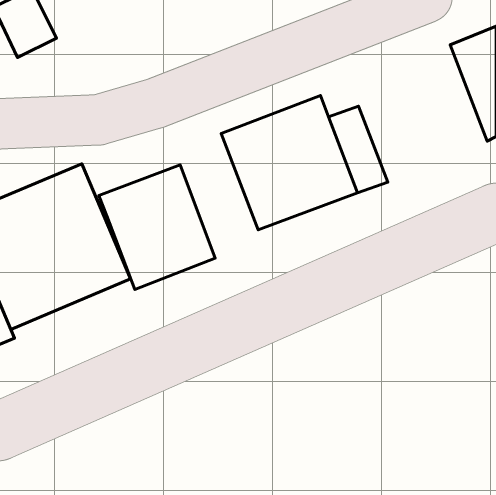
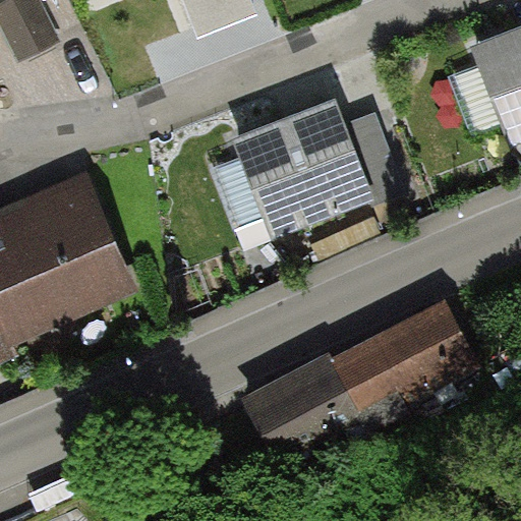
building: [99,165,215,290] -> none
building: none -> [240,297,478,465]

